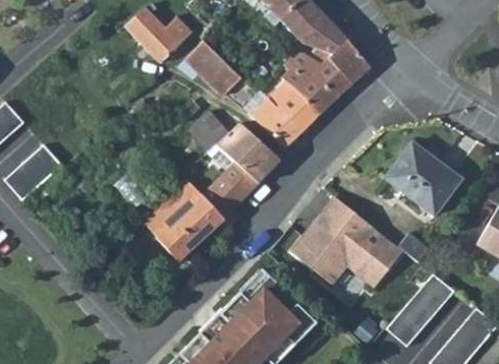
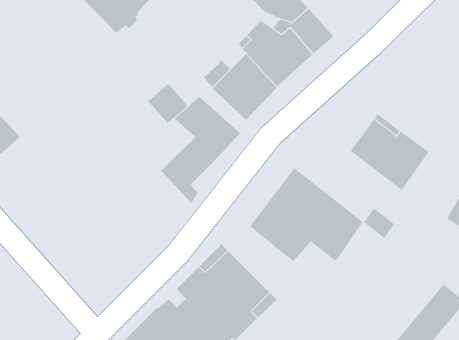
building: [186,44,240,97] -> none
building: [144,181,223,262] -> none
building: [386,274,455,347] -> none

